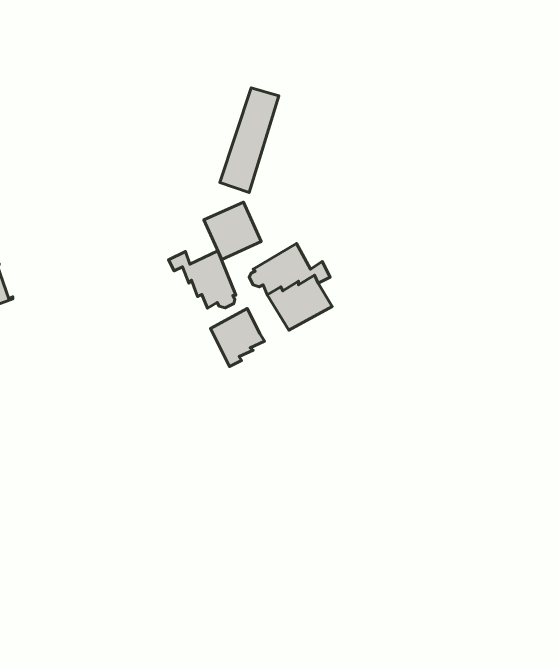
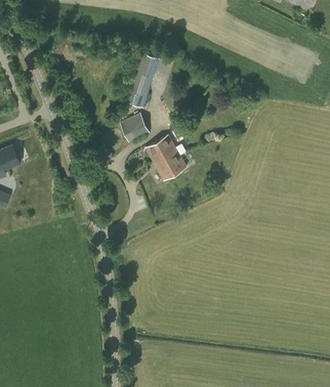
building: [169,251,236,308] -> none
building: [211,309,264,367] -> none

